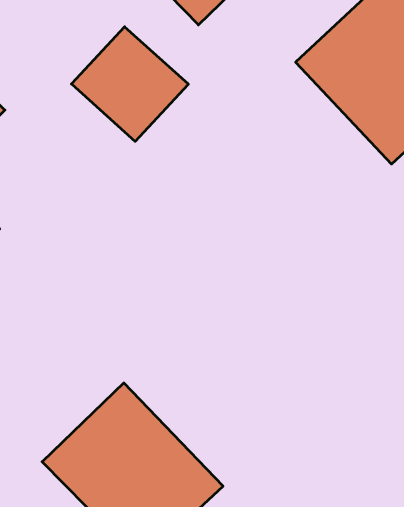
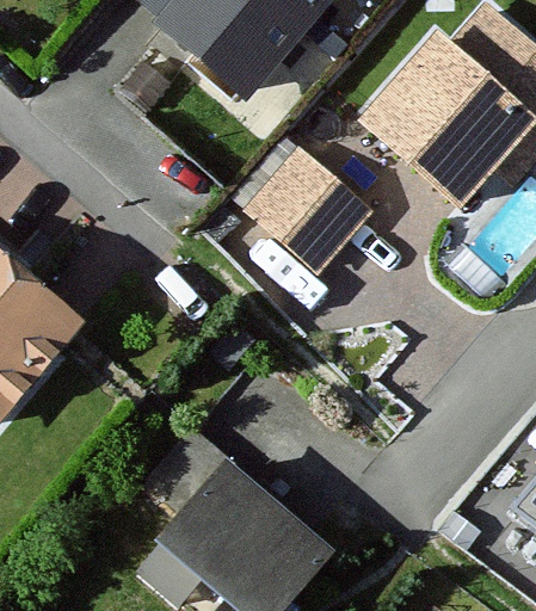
building: [71,27,188,141] -> [253,148,370,261]

